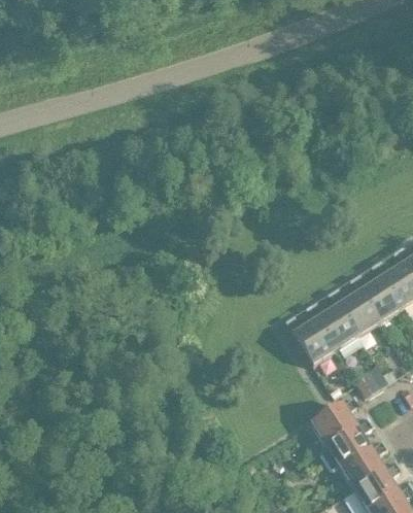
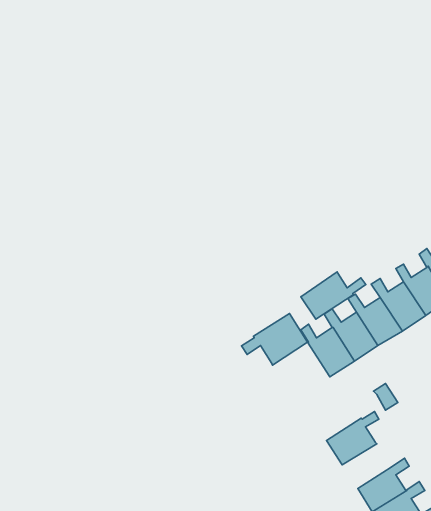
building: none -> [301,272,366,319]
building: none -> [241,314,308,365]
building: [319,417,373,471] -> none

